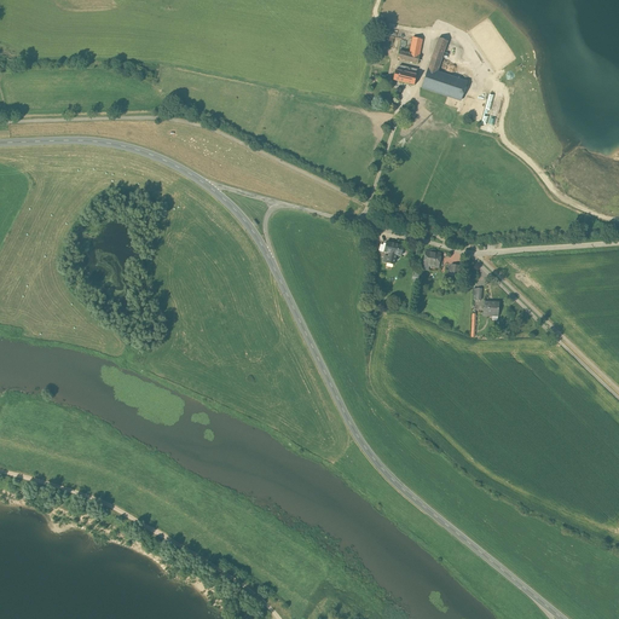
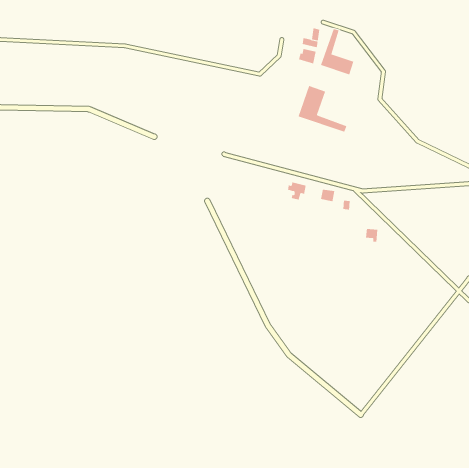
building: none -> [298,85,347,132]

